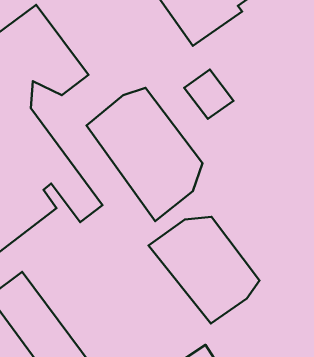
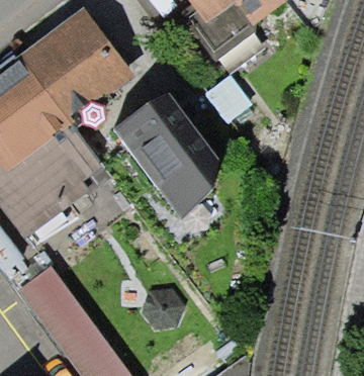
building: [149,217,260,324] -> none

